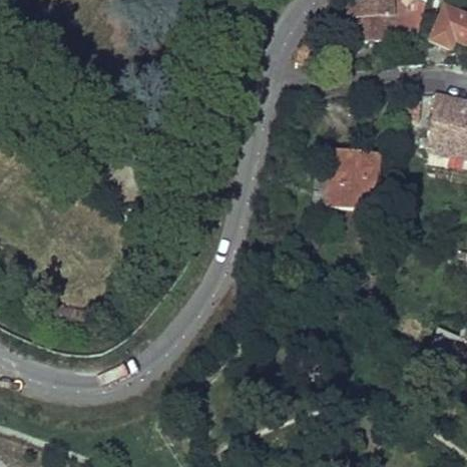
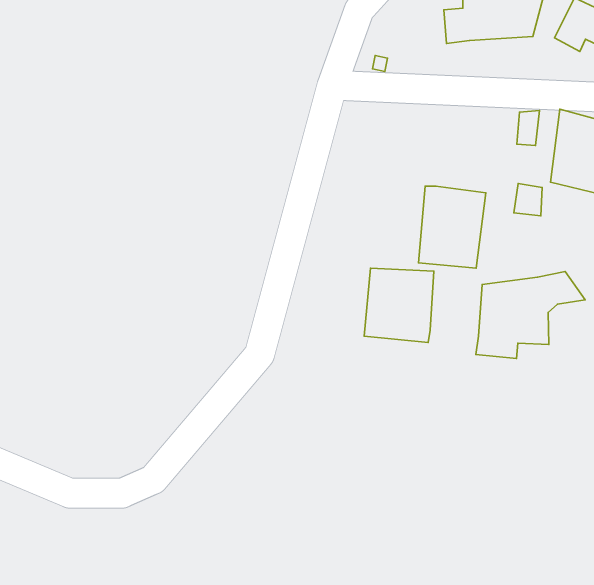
building: none -> [364,268,434,342]
building: none -> [476,272,585,358]

